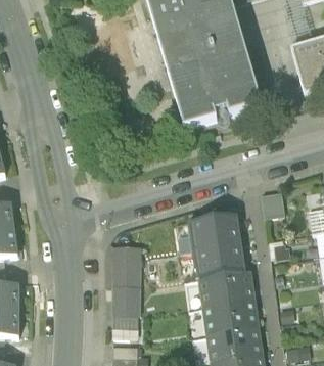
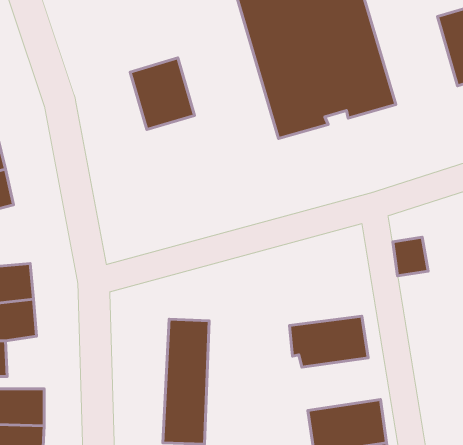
building: none -> [130,58,195,130]
building: [188,216,240,251] -> none
building: [200,272,252,308] -> none

